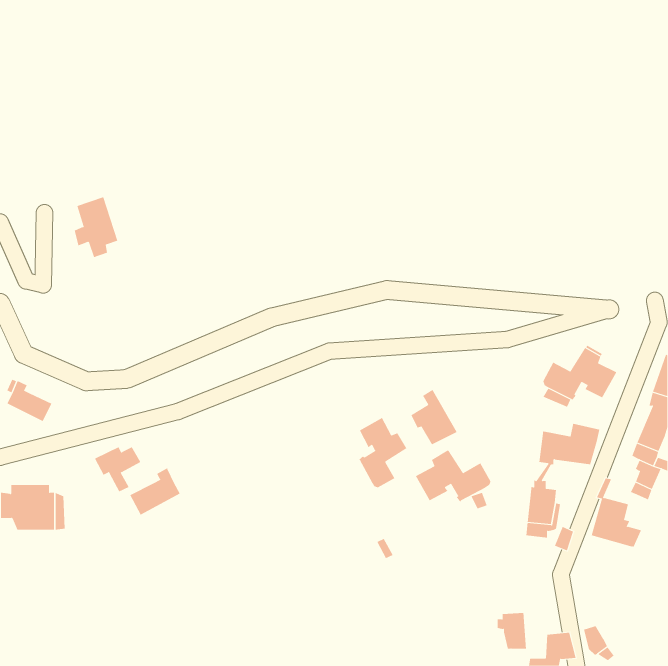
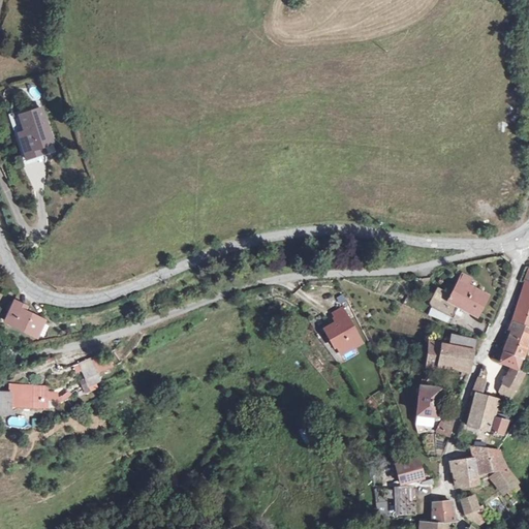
building: [74,197,118,258] -> [18,107,53,156]
building: [358,417,407,488] -> none
building: [415,450,491,502] -> none
building: [129,467,181,515] -> none
building: none -> [453,447,519,494]
building: none -> [395,458,423,483]

